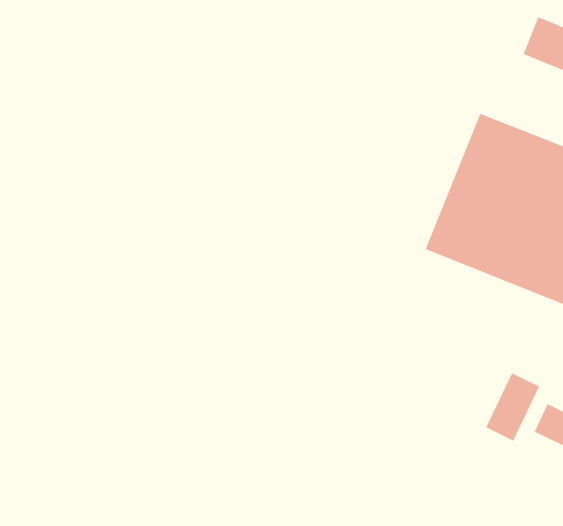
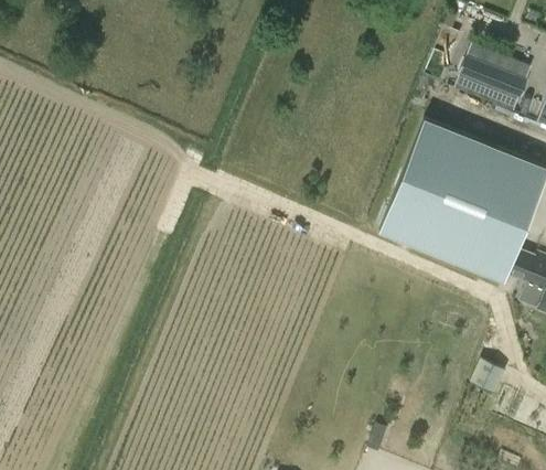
building: [485,372,540,441] -> none

